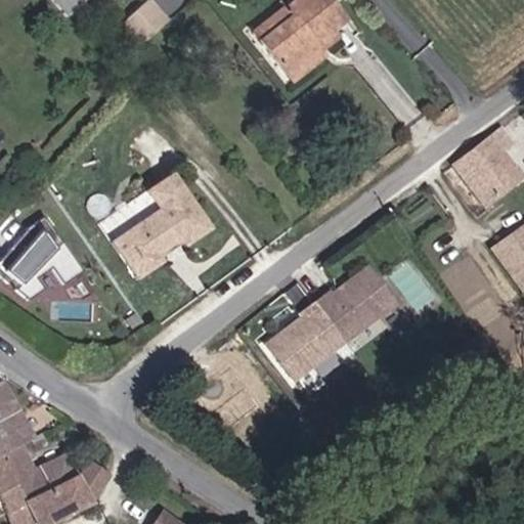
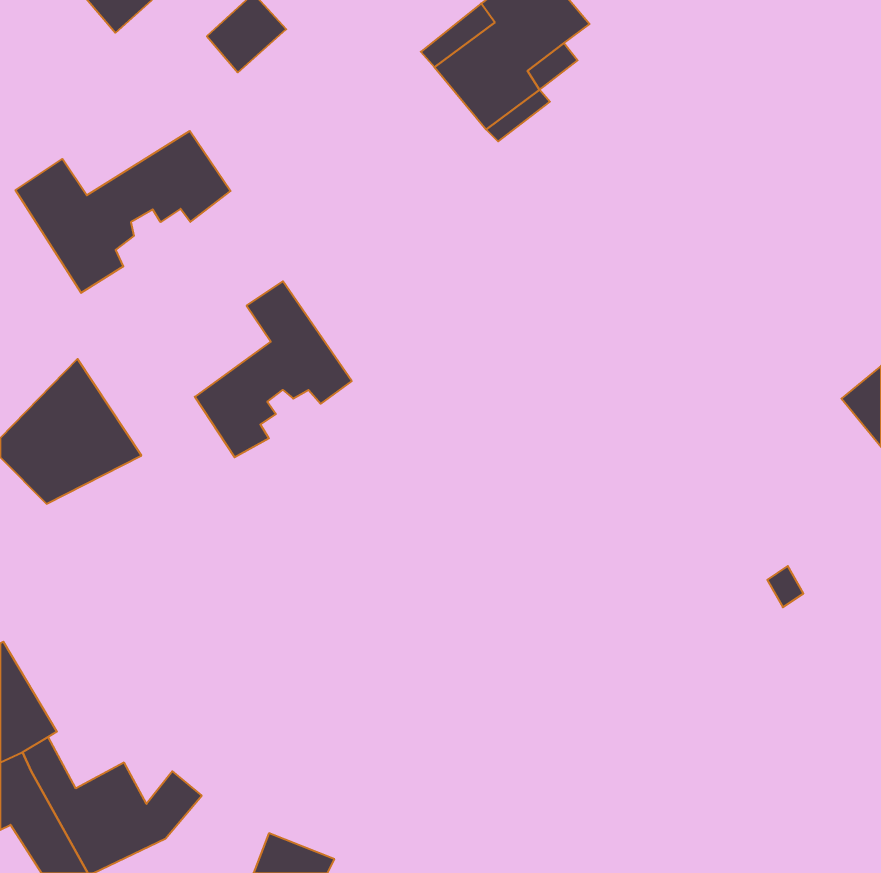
building: none -> [16,131,231,293]
building: [445,126,512,200] -> none
building: [266,270,399,391] -> none

